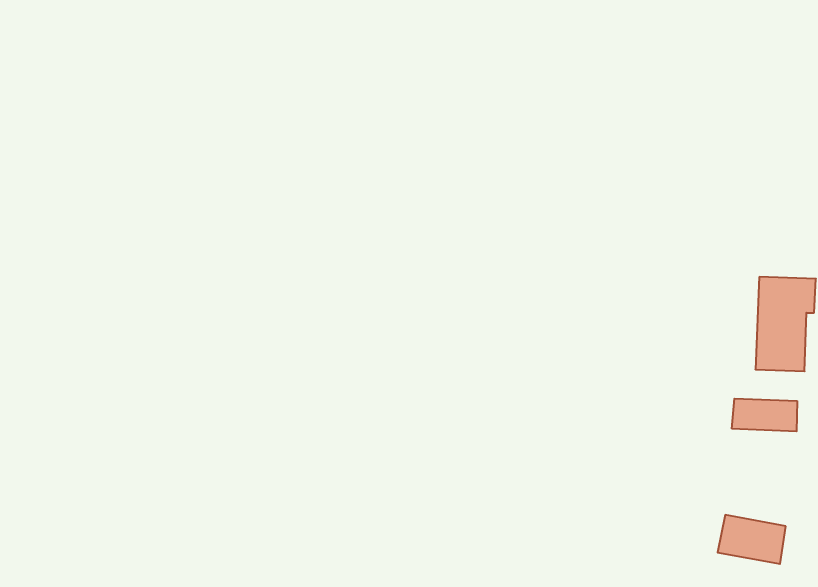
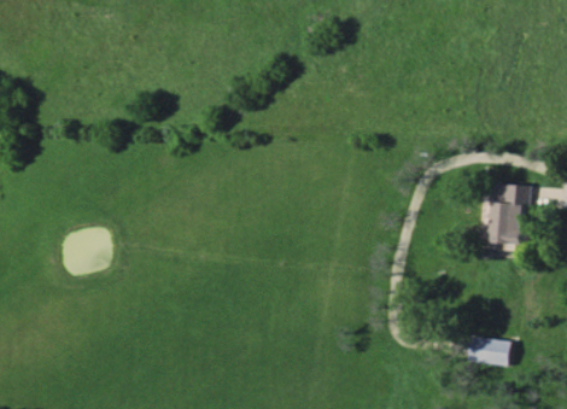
building: [732,399,797,431] -> none

